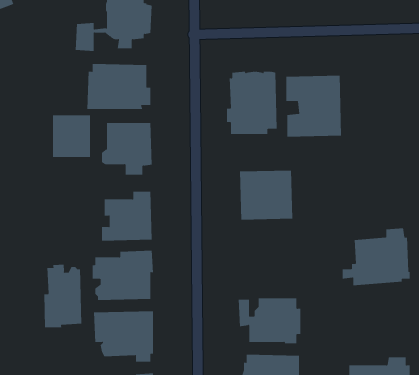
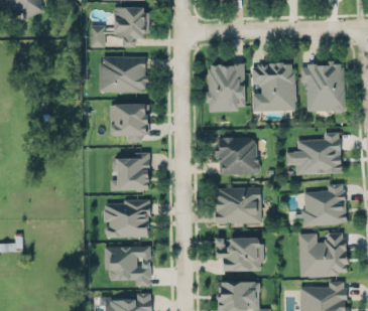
building: none -> [300,64,344,114]
building: [52,114,91,158] -> none
building: none -> [286,132,342,174]
building: none -> [215,189,260,225]
building: [44,264,82,328] -> none
building: none -> [298,232,349,277]

